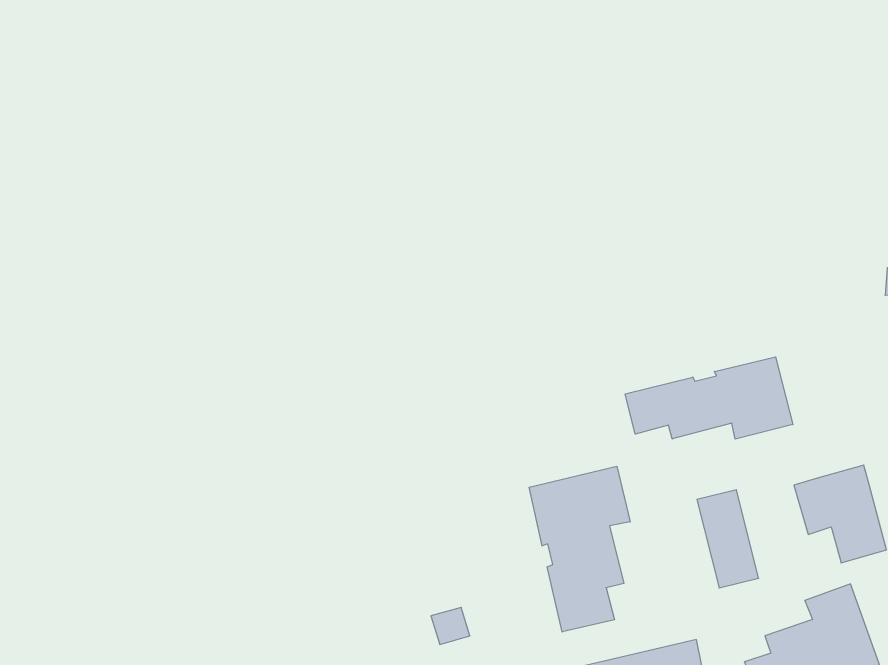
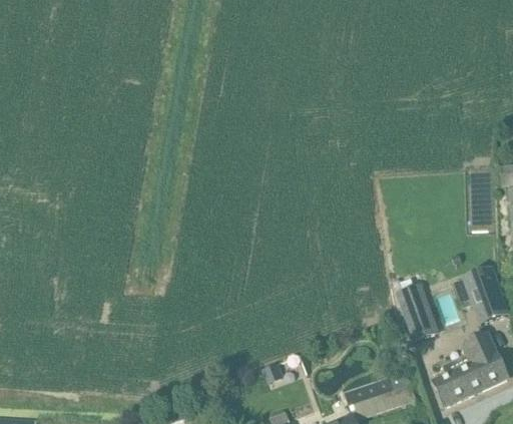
building: [625,357,793,439] -> none
building: [529,466,630,632] -> none

